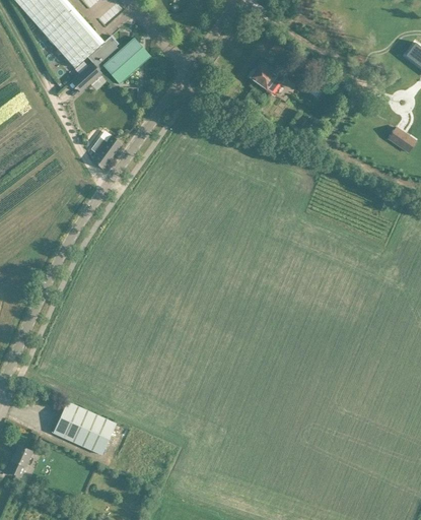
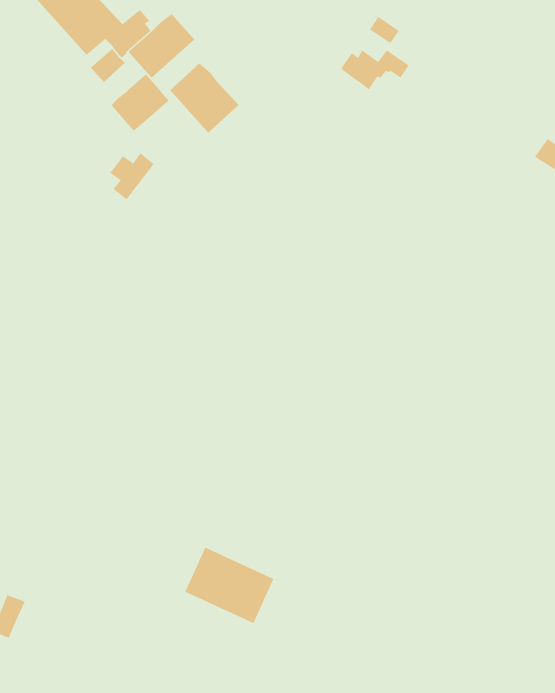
building: none -> [169,63,240,133]
building: none -> [111,73,170,132]
building: [53,400,116,454] -> [184,547,274,624]

